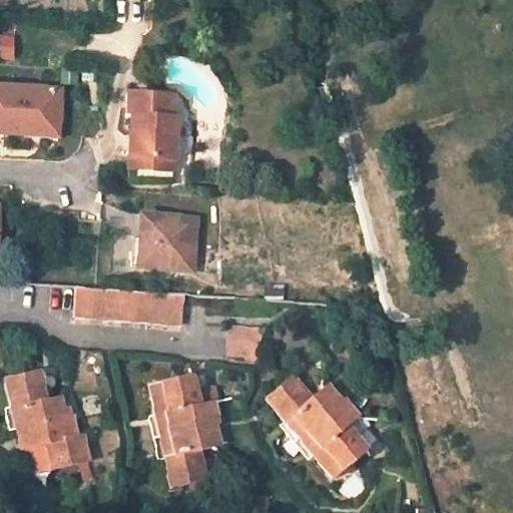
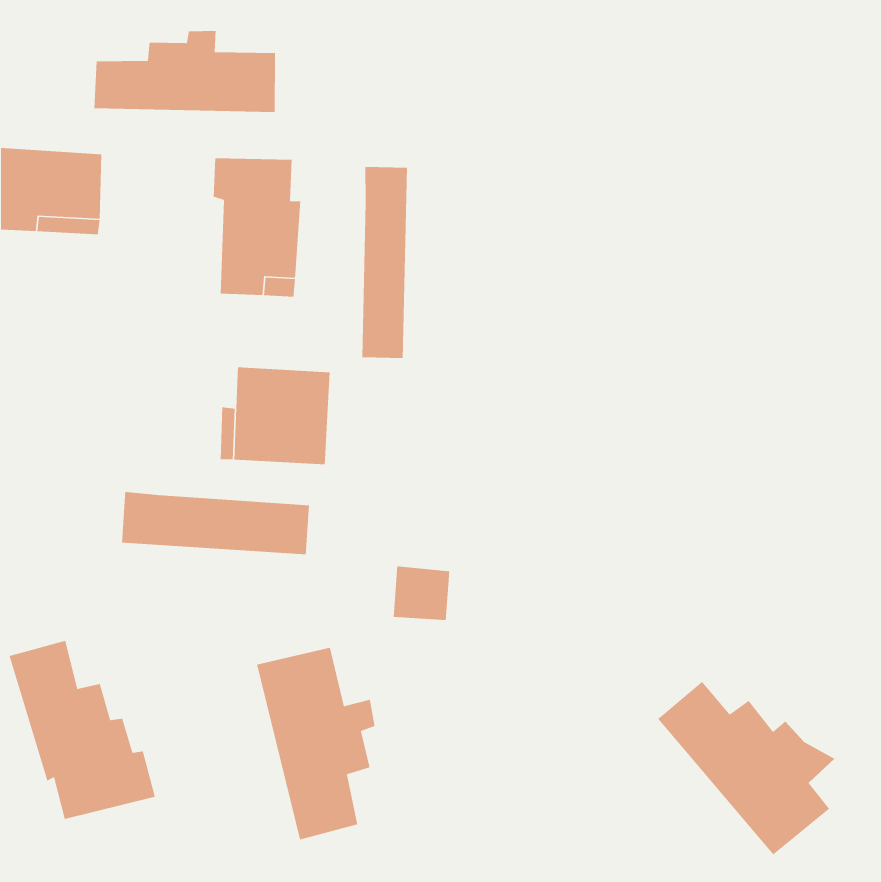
building: none -> [93,30,276,113]
building: none -> [362,166,408,359]
building: [266,376,369,477] -> [657,681,835,855]

